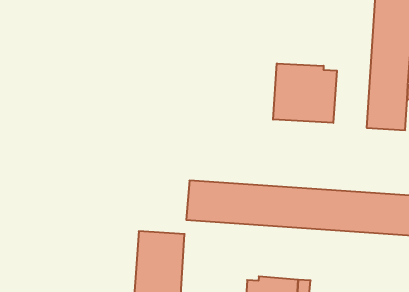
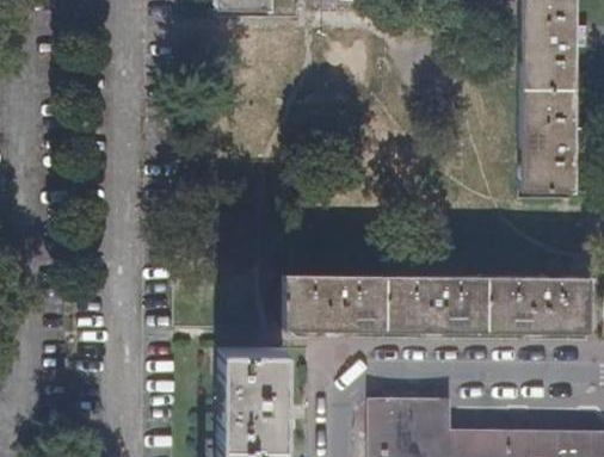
building: [273,63,337,123] -> none

